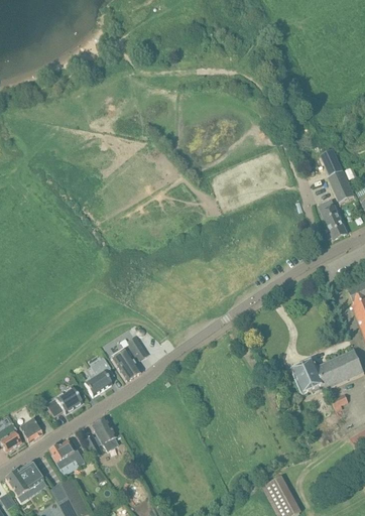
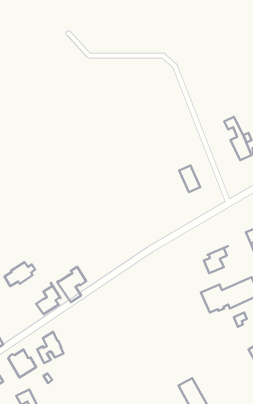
building: [321,205,347,238] -> [179,166,200,192]
building: none -> [204,246,228,273]
building: [46,386,85,416] -> [5,262,35,286]

